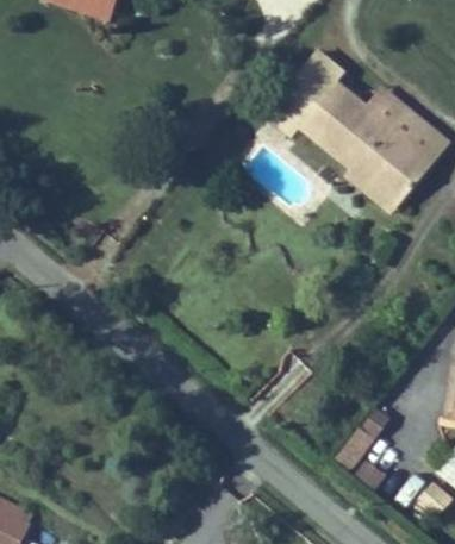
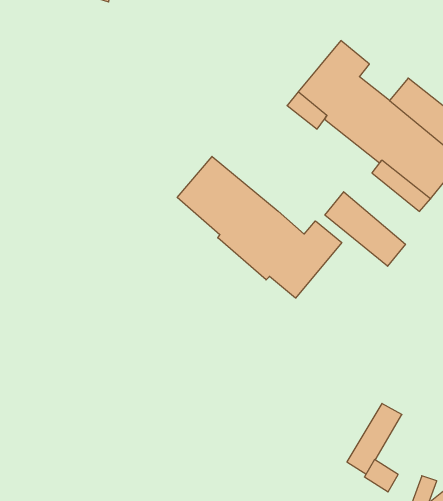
building: none -> [177,156,342,298]
building: none -> [325,192,405,266]

